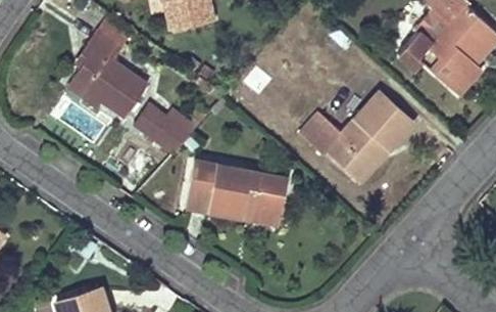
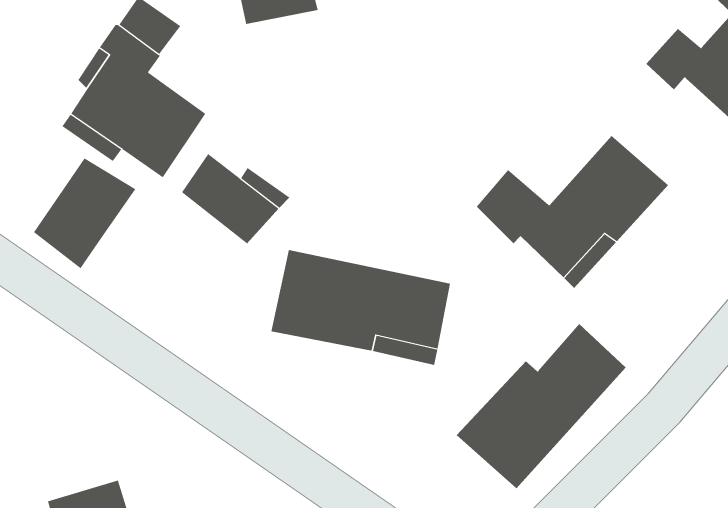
building: none -> [33,158,136,269]
building: none -> [456,323,626,489]

